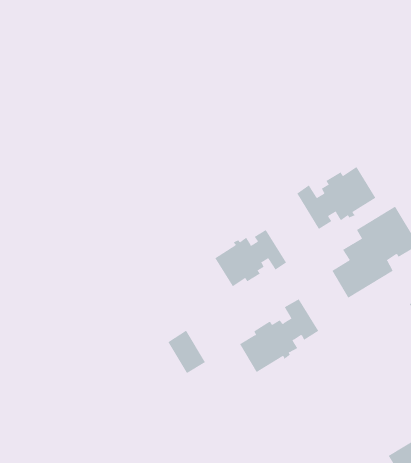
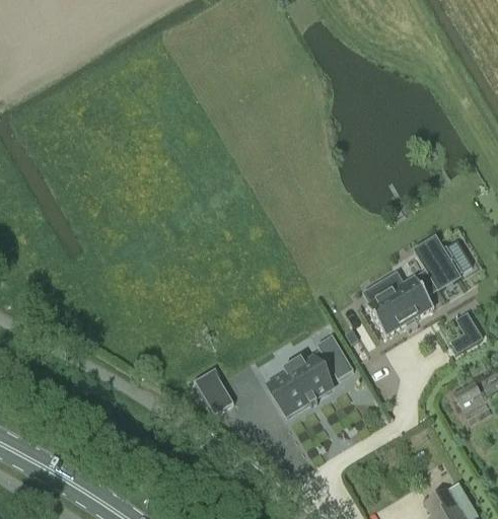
building: [296,166,376,230] -> none
building: [214,229,287,287] -> none

